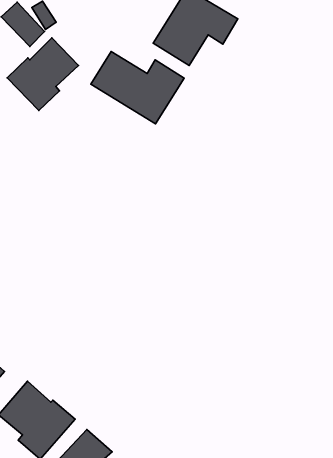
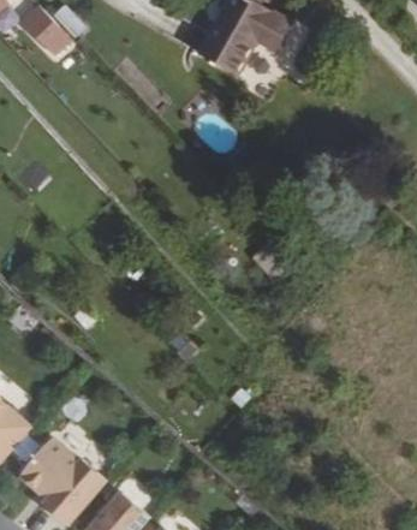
building: [7,38,79,111] -> none
building: [91,51,184,124] -> none

